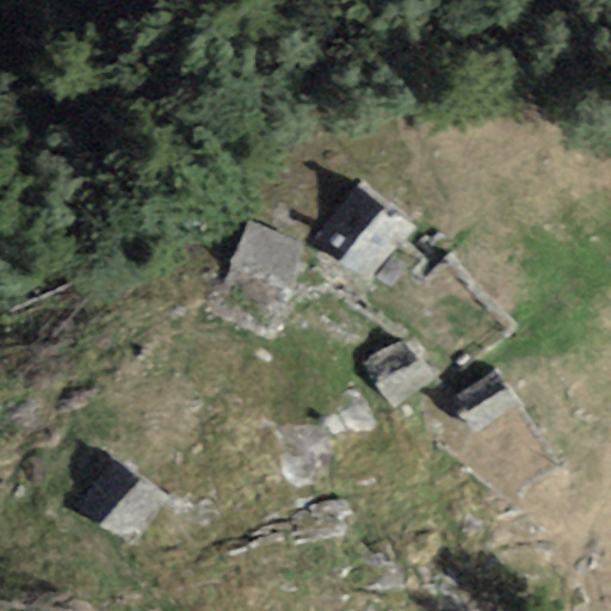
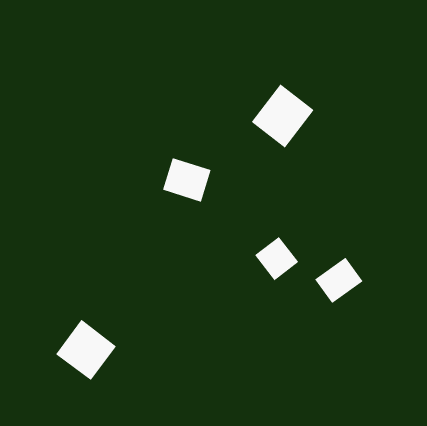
building: [316,185,407,278] -> [251,83,314,149]

